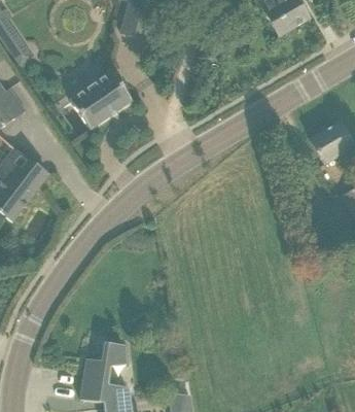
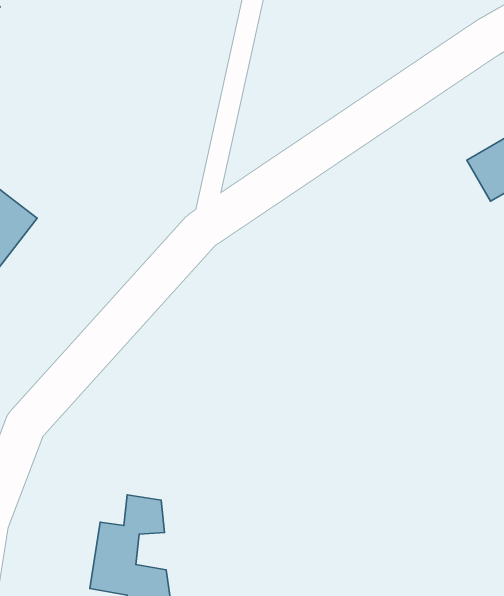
building: [69,70,132,128] -> none

